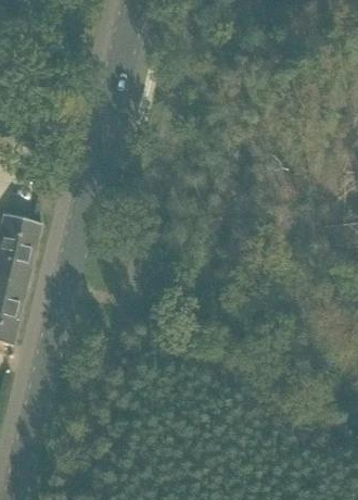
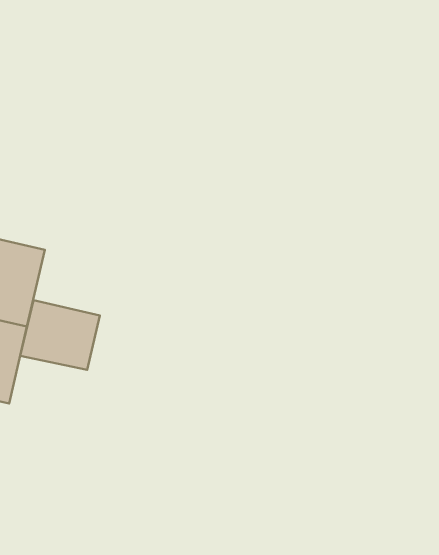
building: none -> [20,300,100,370]

